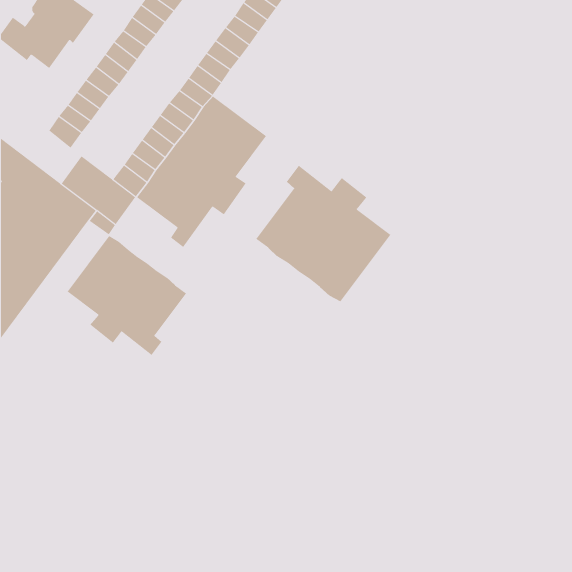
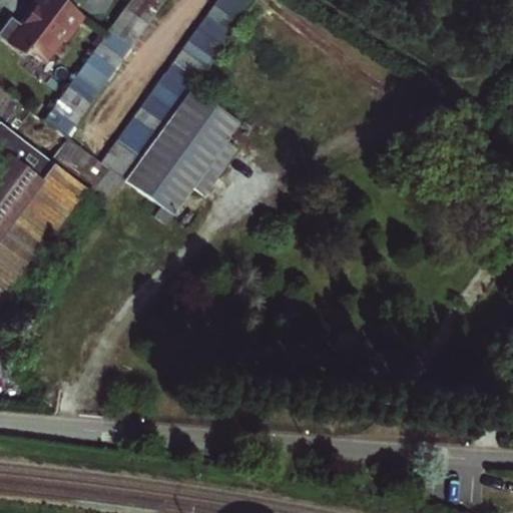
building: [256,165,391,302] -> none
building: [67,235,187,356] -> none

